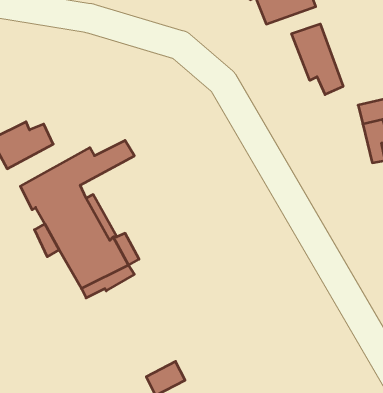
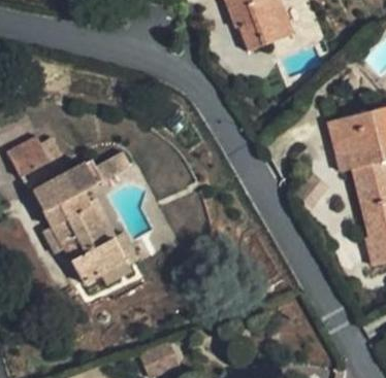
building: [292,24,343,95] -> none

